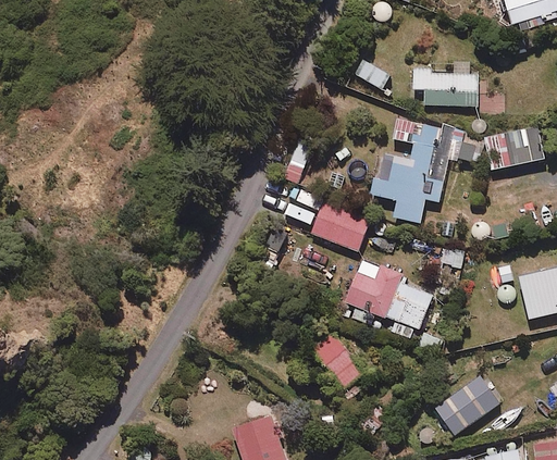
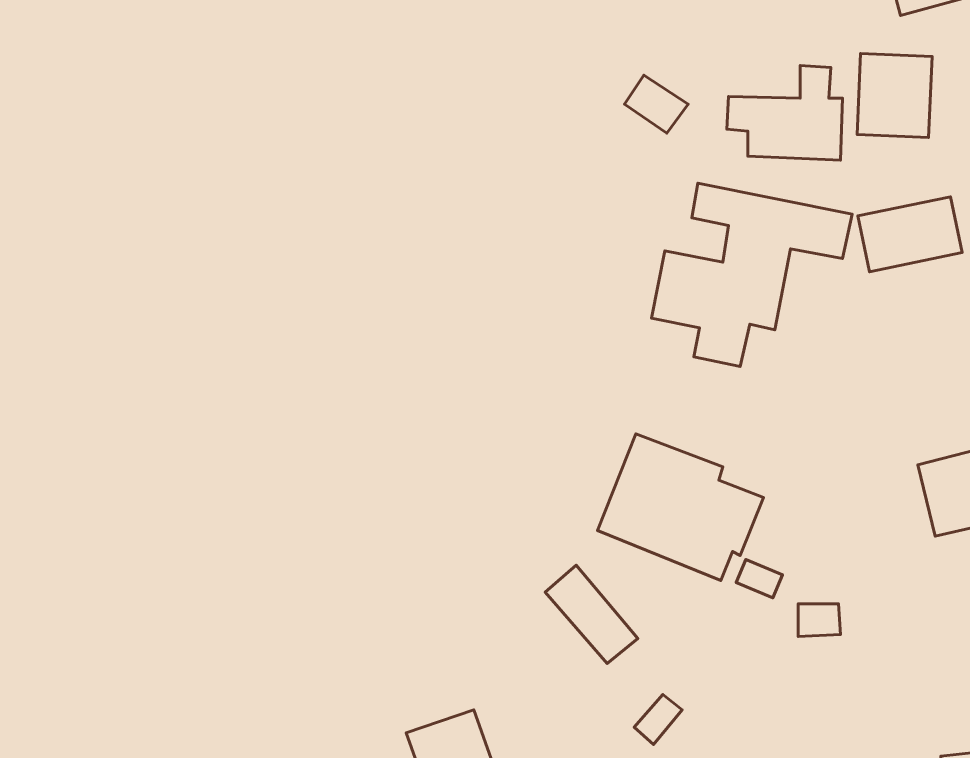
building: none -> [857,54,932,138]
building: [311,201,370,251] -> none
building: [435,373,502,434] -> none

